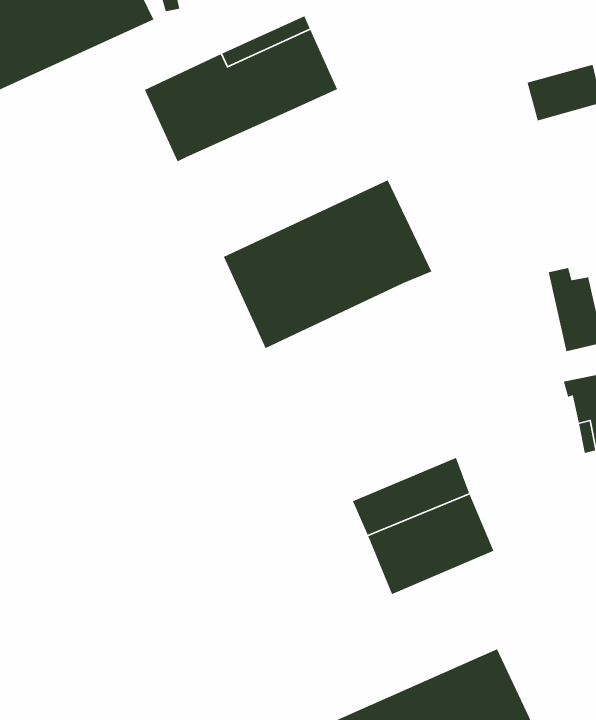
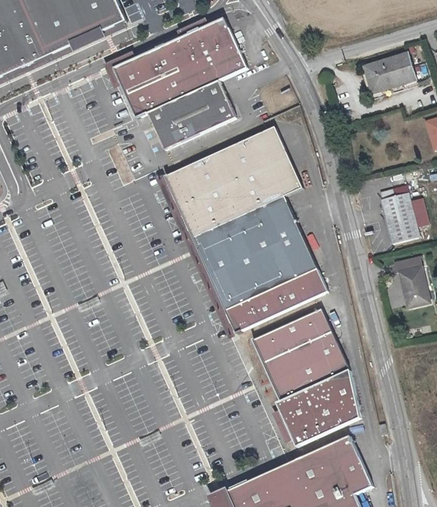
building: none -> [142,81,230,150]
building: none -> [194,196,326,334]
building: none -> [273,372,358,448]

